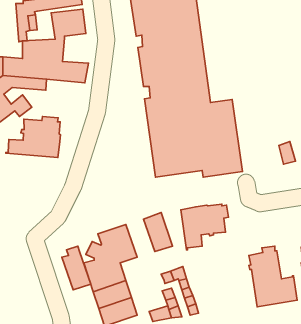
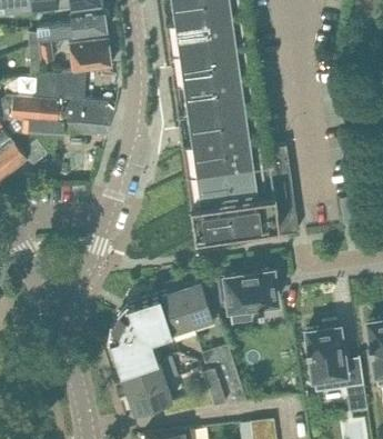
building: [6,116,61,157] -> none
building: [62,246,91,290] -> [159,282,193,335]

